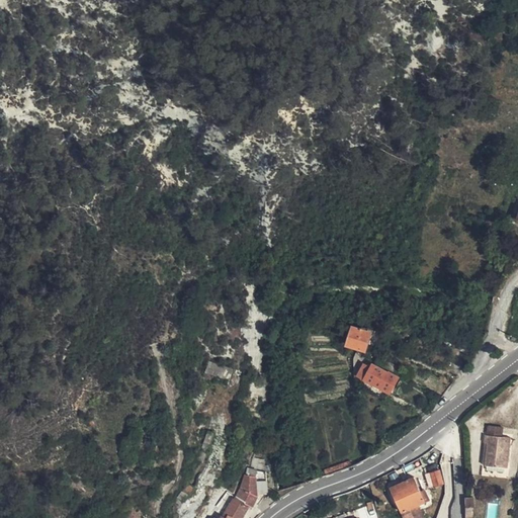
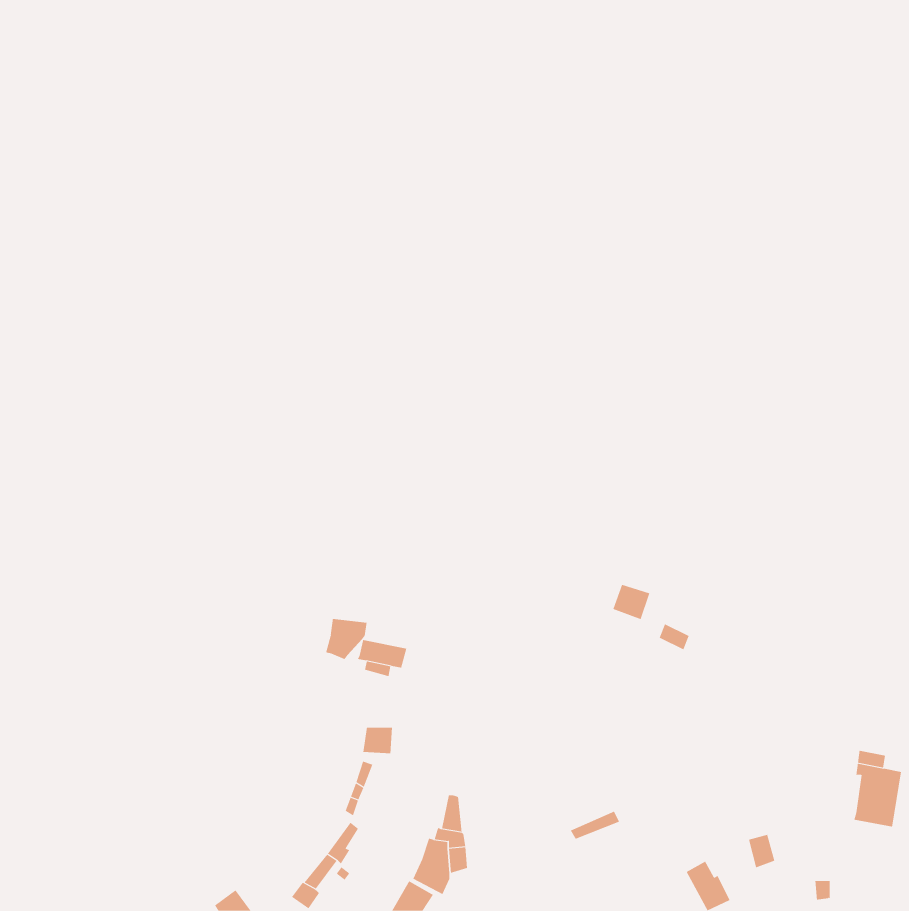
building: none -> [326,618,367,660]
building: [355,363,394,388] -> none
building: [388,480,428,510] -> none

